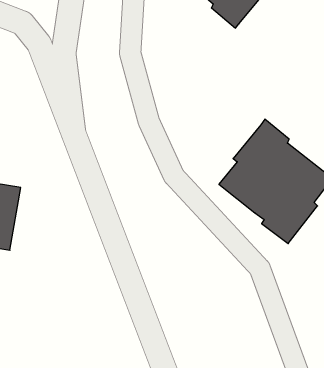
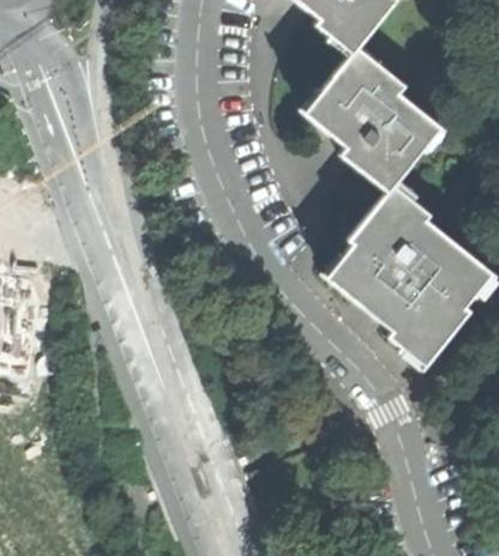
building: none -> [305,48,440,193]

